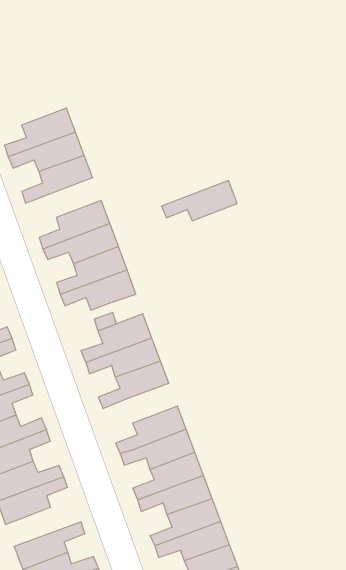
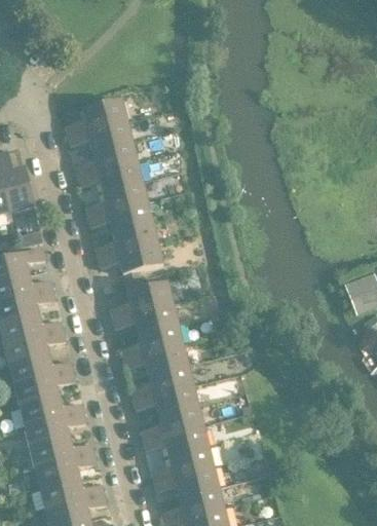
building: [161,181,237,221] -> [78,160,143,191]
building: none -> [124,343,188,374]
building: none -> [30,438,95,467]

